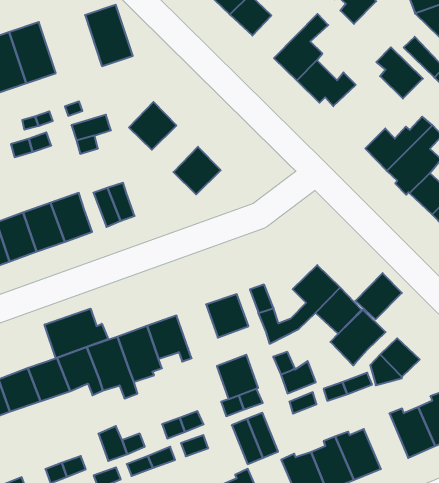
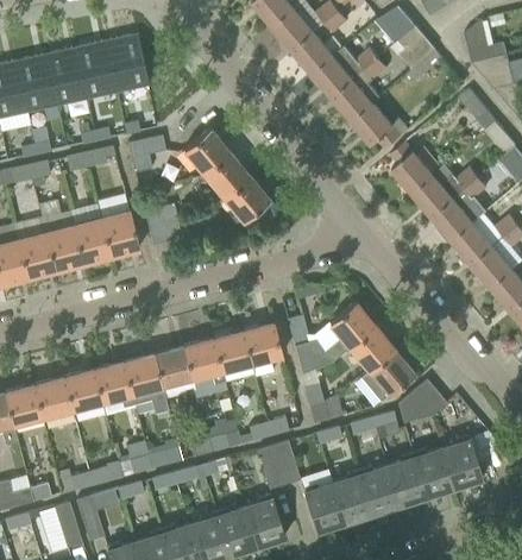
building: [85,5,133,66] -> [105,34,147,93]
building: none -> [312,46,377,96]
building: [376,47,423,99] -> [389,141,433,193]
building: none -> [203,153,249,199]
building: [355,273,402,319] -> none
building: [45,309,108,358] -> none
building: [217,355,258,399] -> [213,331,251,372]
building: none -> [385,453,426,506]

